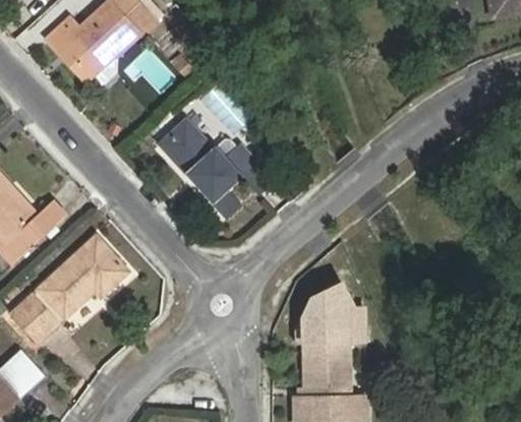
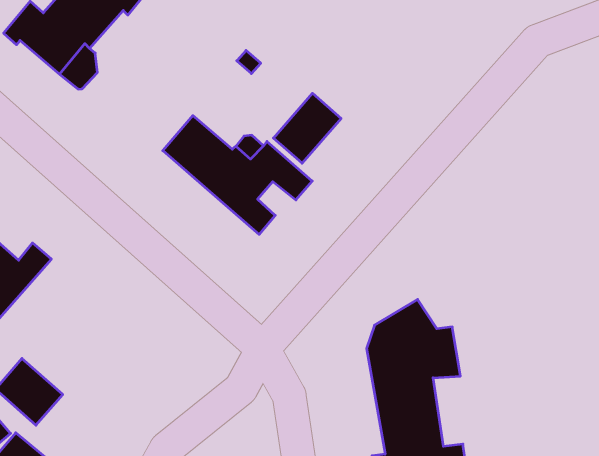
building: none -> [273,93,341,163]
building: [38,237,127,317] -> none

